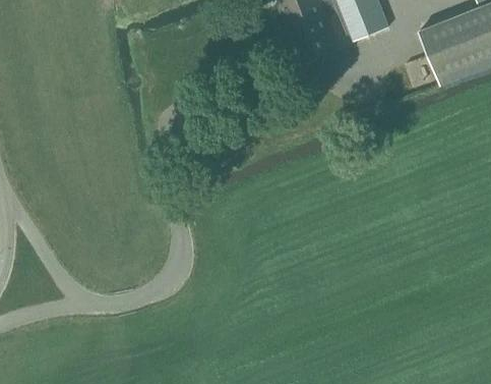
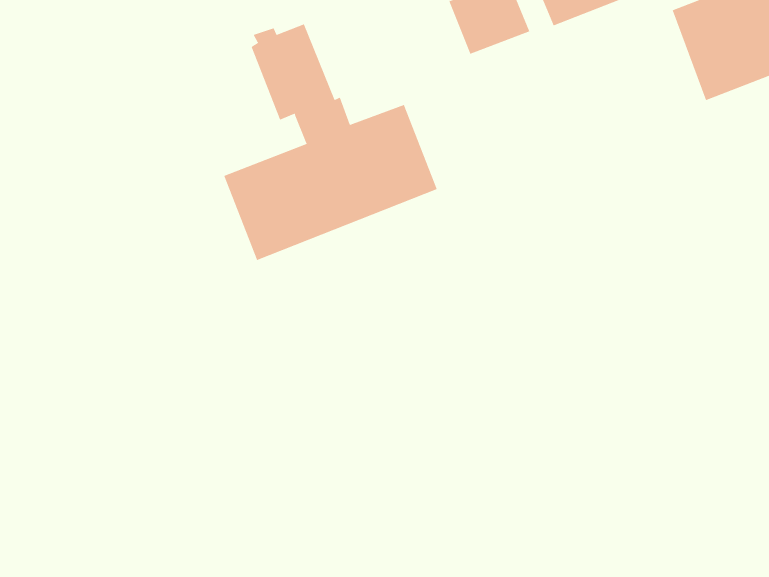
building: none -> [223,23,438,261]

